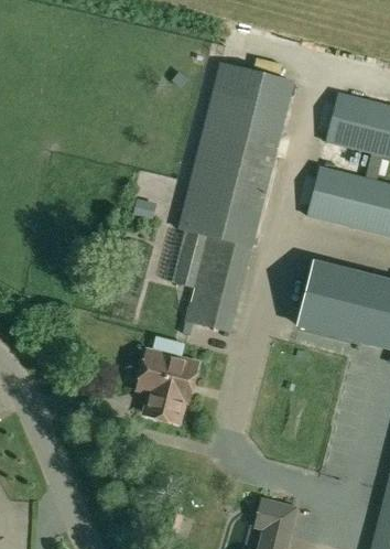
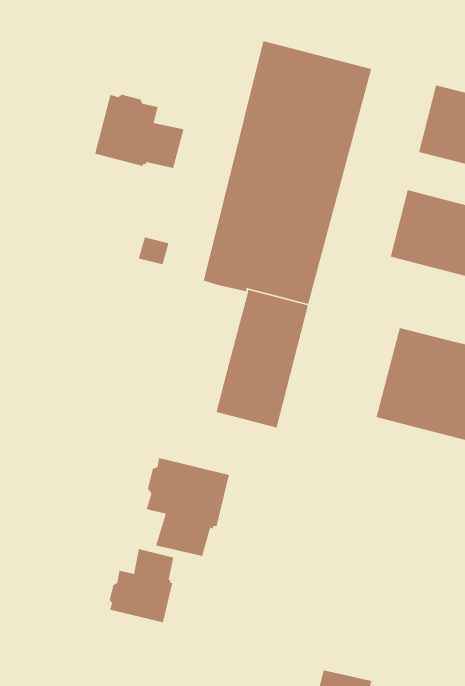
building: none -> [94,94,185,169]
building: [176,233,208,287] -> none
building: none -> [109,548,174,623]

